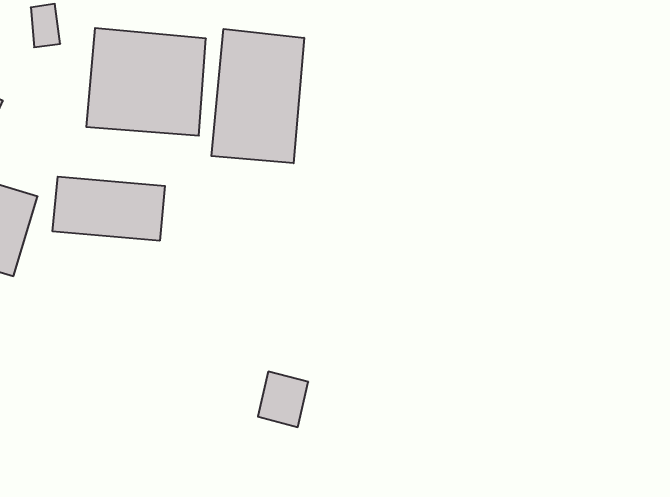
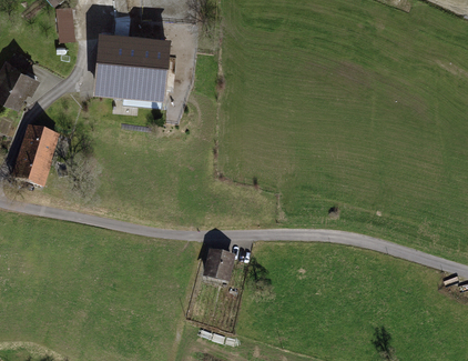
building: [211,29,304,163] -> none
building: [53,177,165,241] -> none

